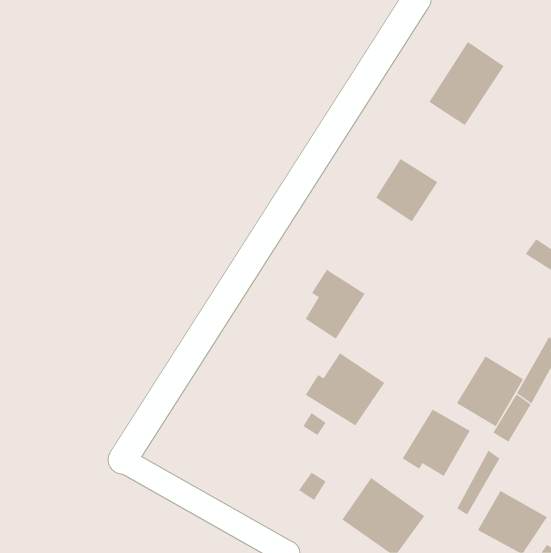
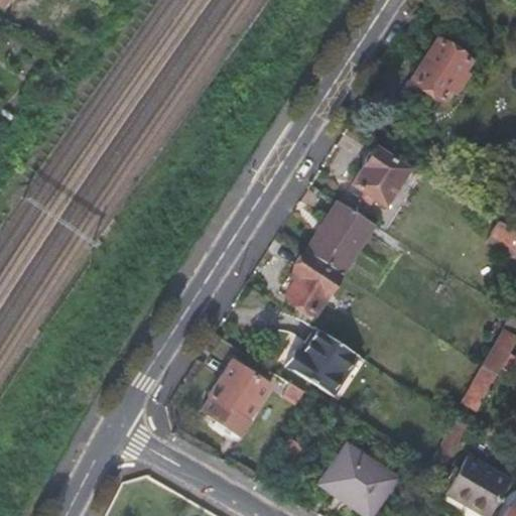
building: none -> [312,201,374,273]
building: [456,355,524,427] -> none
building: none -> [203,360,271,433]
building: [402,409,470,477] -> none

